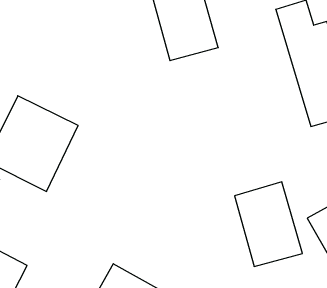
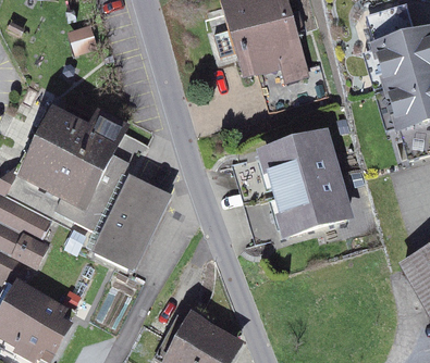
building: none -> [91,176,174,268]
building: [235,182,302,266] -> [266,127,345,226]

